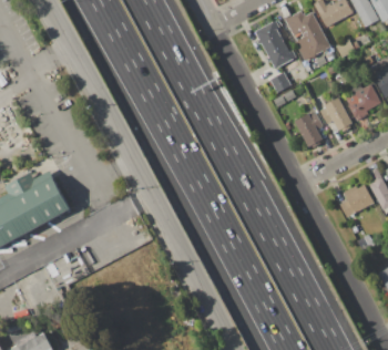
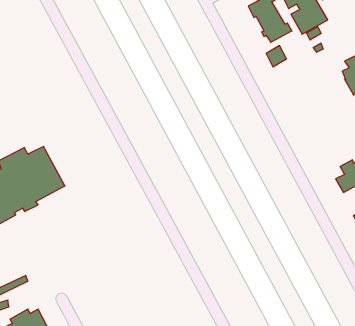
building: [320,89,353,131] -> none
building: [294,113,324,148] -> none

